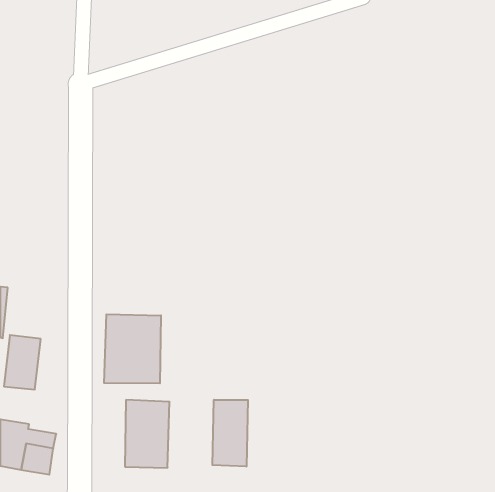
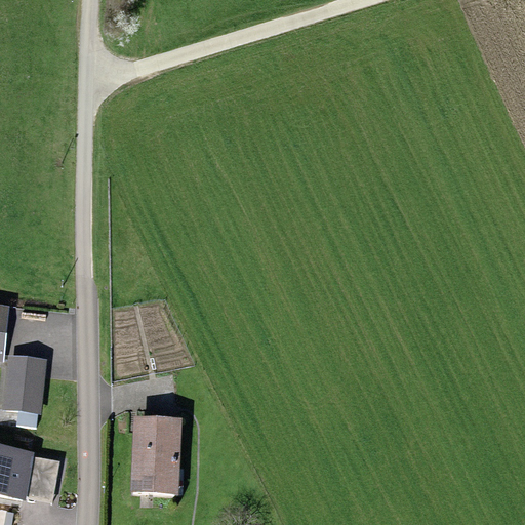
building: [104,314,161,383] -> none
building: [212,400,248,467] -> none

